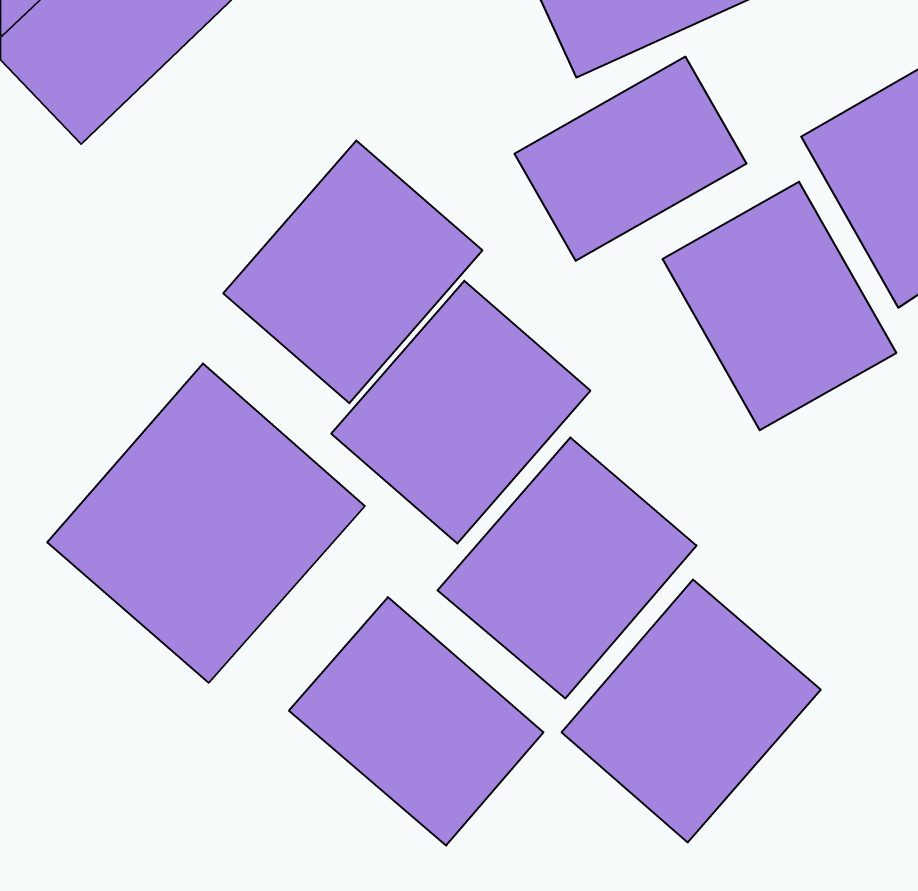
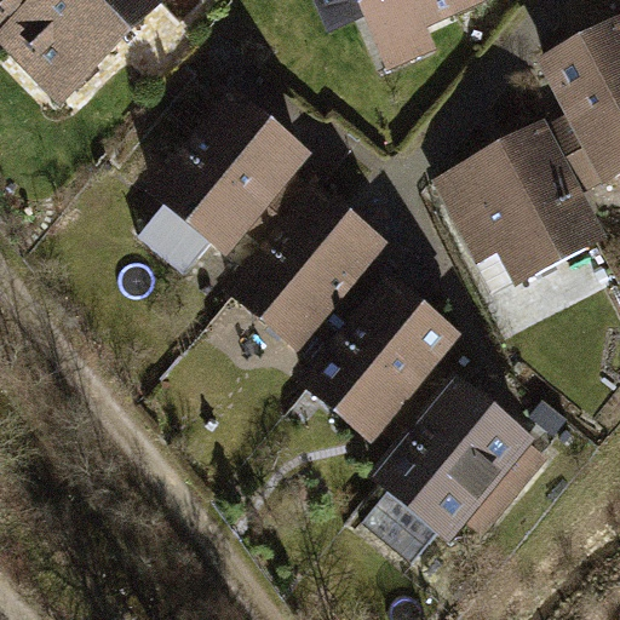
building: [514,57,747,261] -> none
building: [47,363,365,683] -> none
building: [289,597,543,846] -> none

